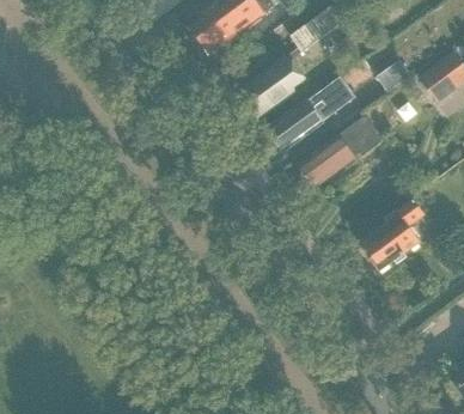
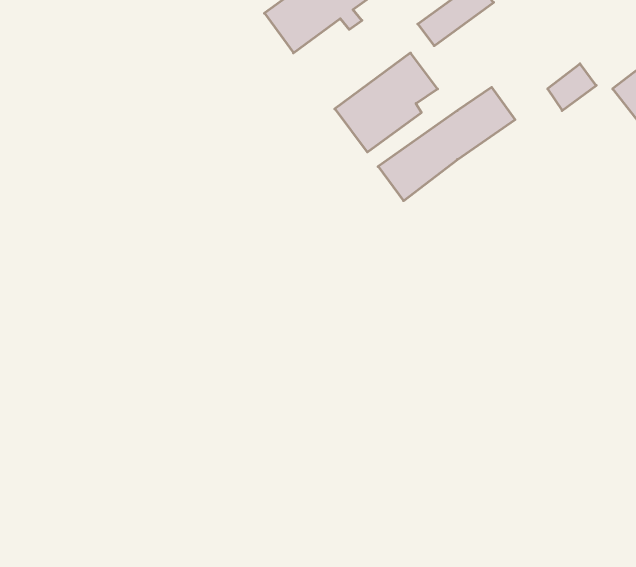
building: [298,116,380,185] -> none
building: [362,197,420,267] -> none

